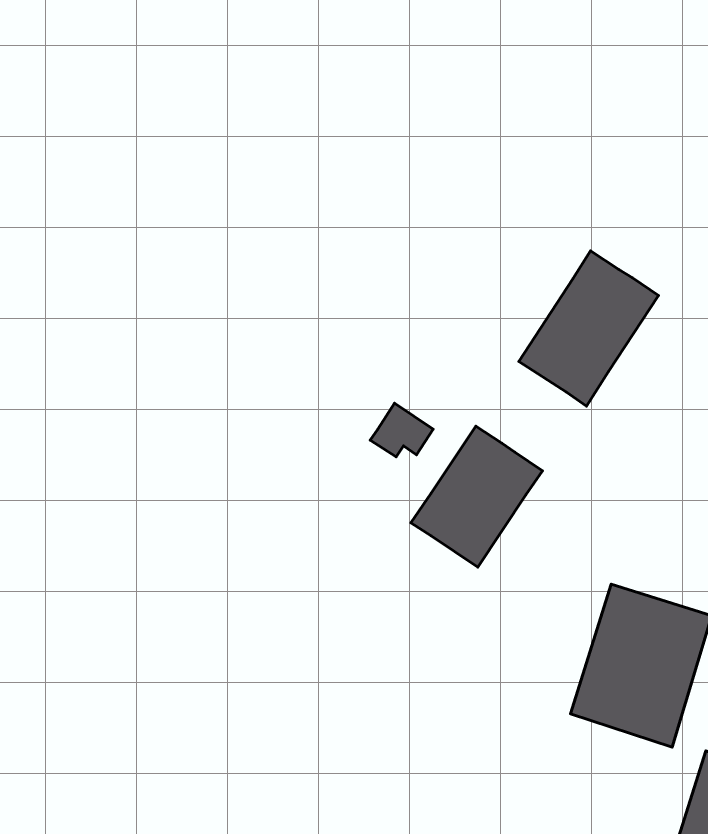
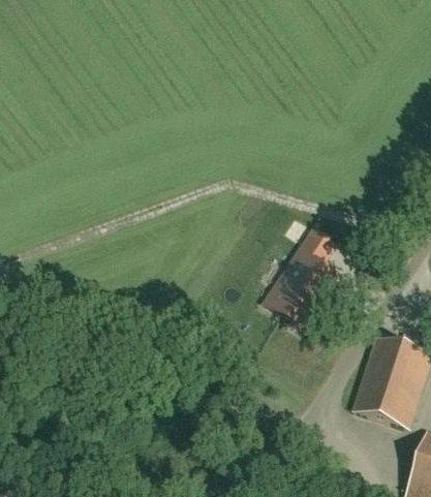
building: [519,251,658,406] -> none
building: [370,403,433,457] -> [300,227,335,257]

